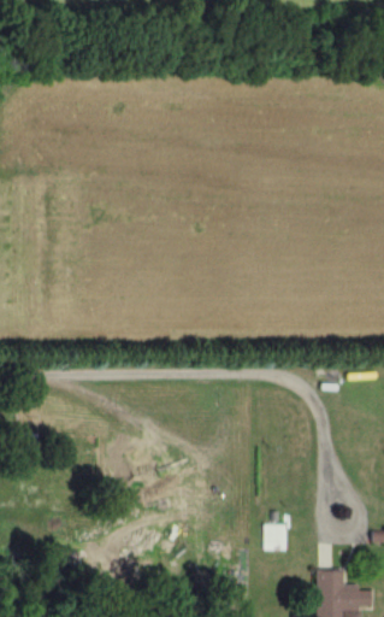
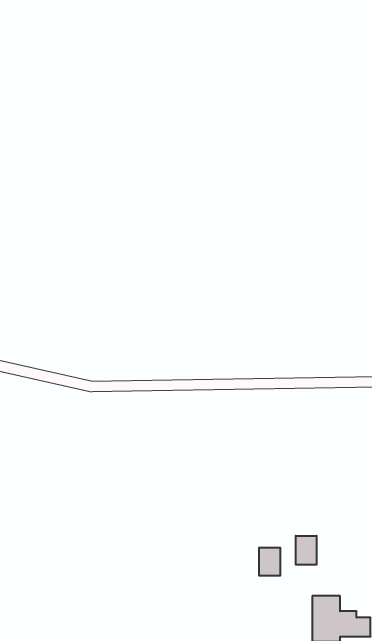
building: none -> [296,536,317,565]

